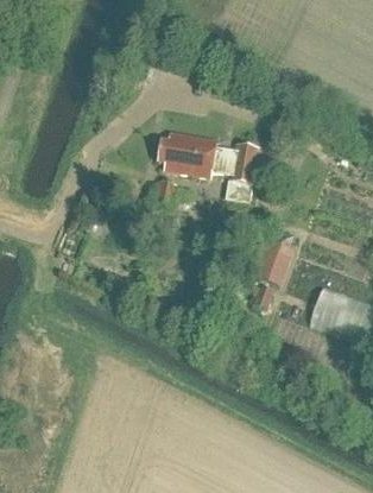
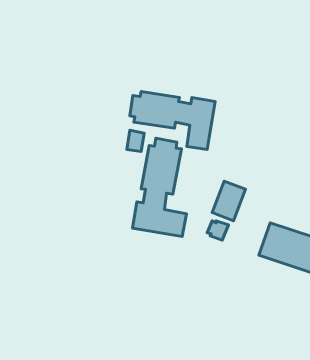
building: none -> [132,138,186,237]

